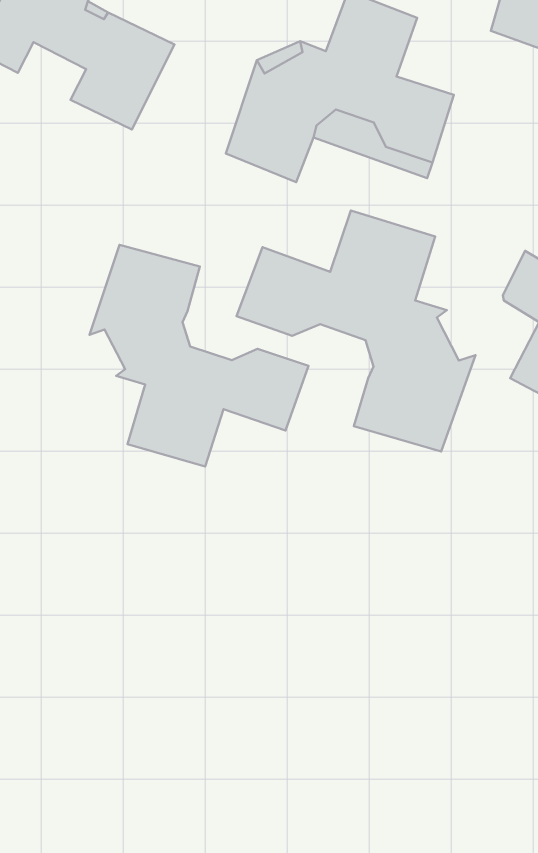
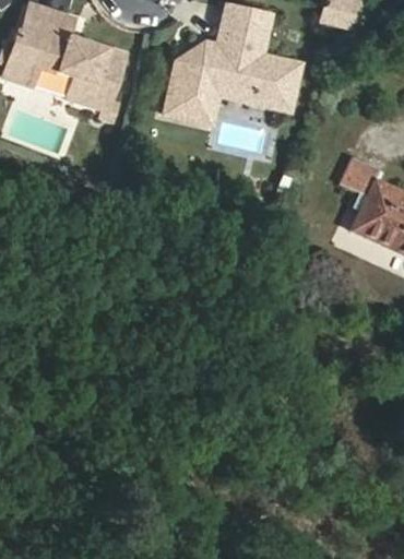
building: [237,211,475,452] -> none
building: [89,245,309,466] -> none

